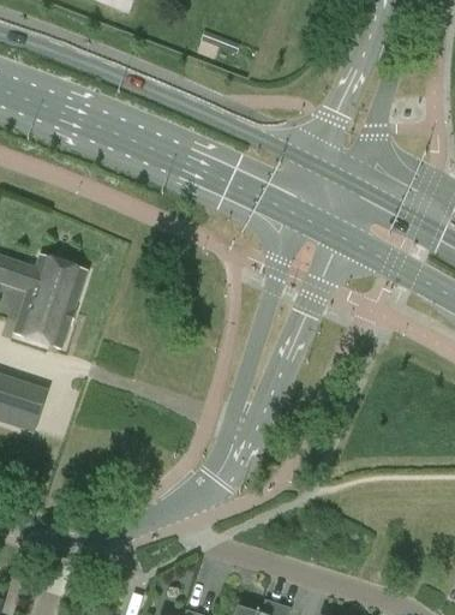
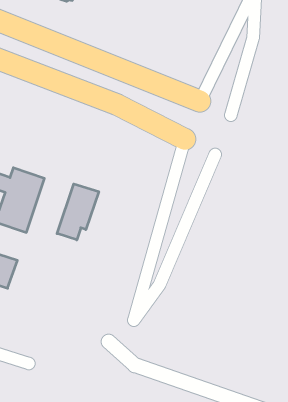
building: none -> [57,184,99,240]

